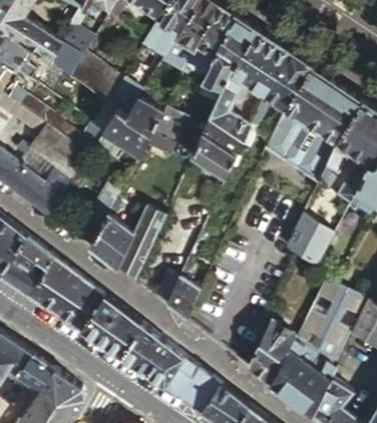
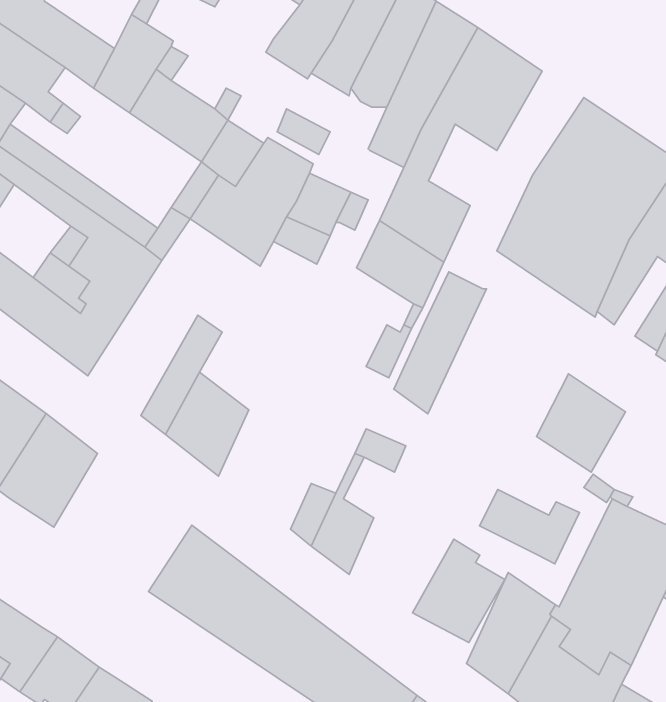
building: [265,54,311,109] -> none
building: [117,206,166,282] -> [394,272,487,414]
building: [30,257,103,330] -> none
building: none -> [480,489,579,564]
building: none -> [412,539,505,643]

